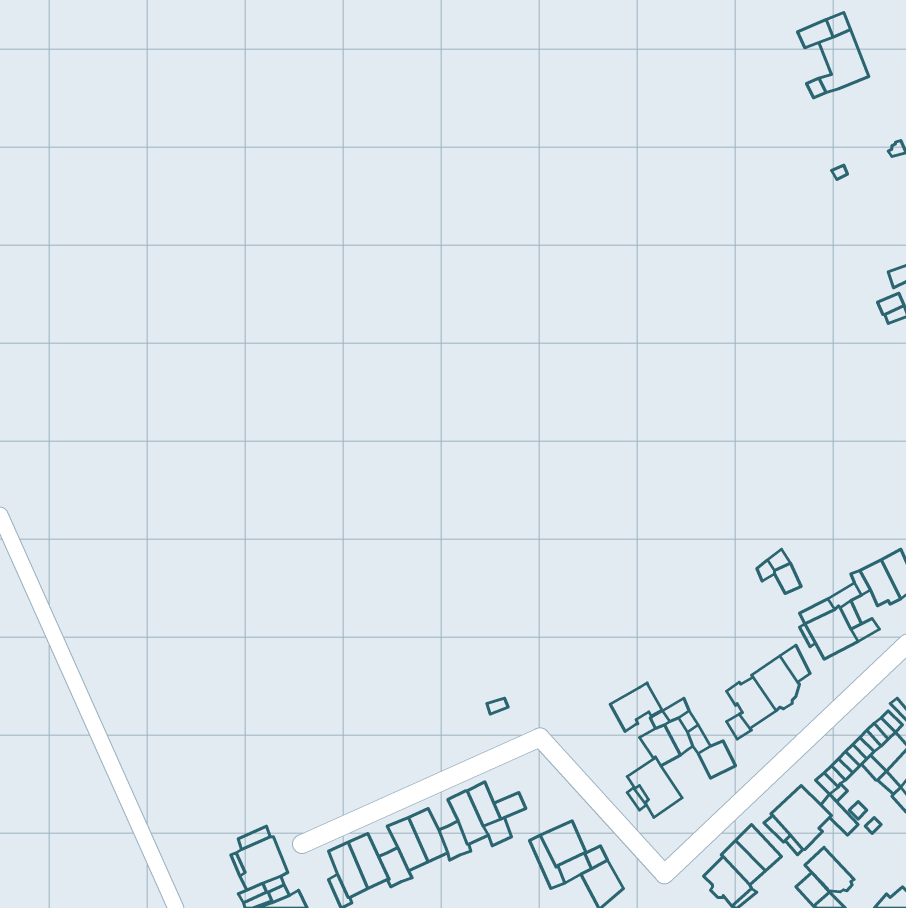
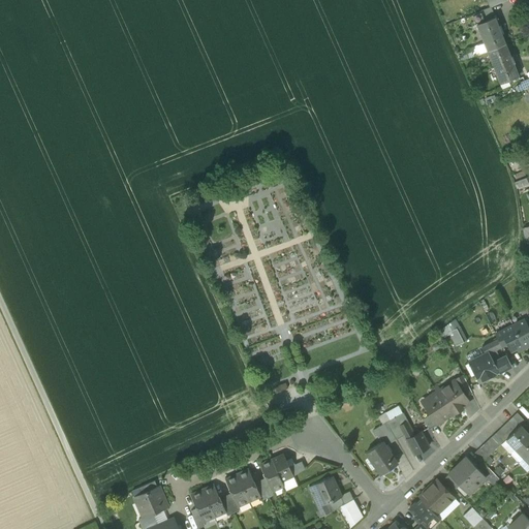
building: none -> [489,44,520,84]
building: [610,683,662,732] -> none
building: [805,847,854,892] -> none

